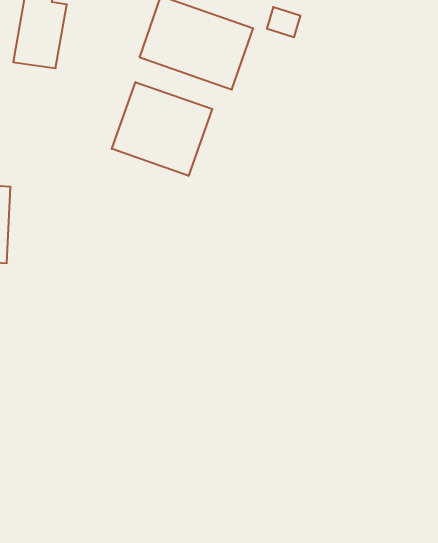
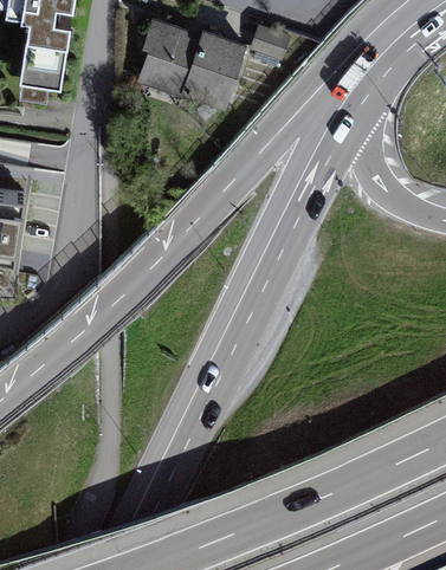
building: [112,82,212,176] -> none

